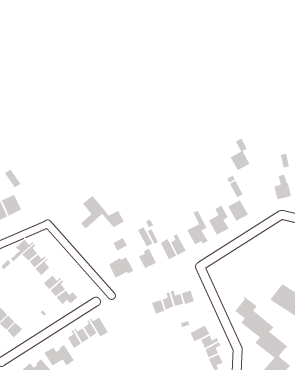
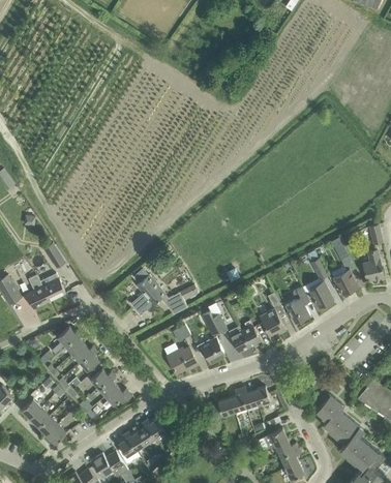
building: [230,137,251,171] -> [333,253,358,294]

